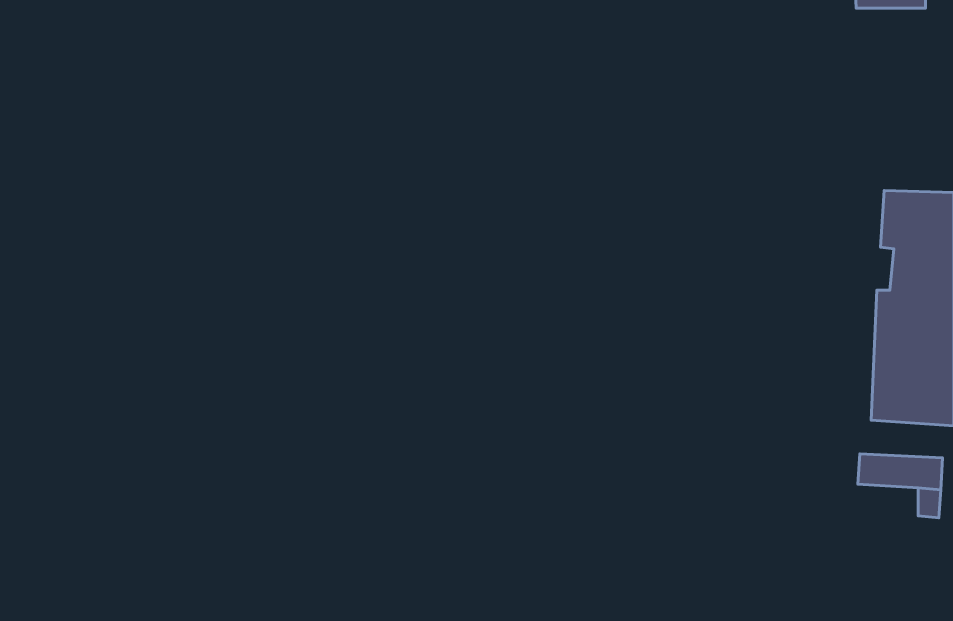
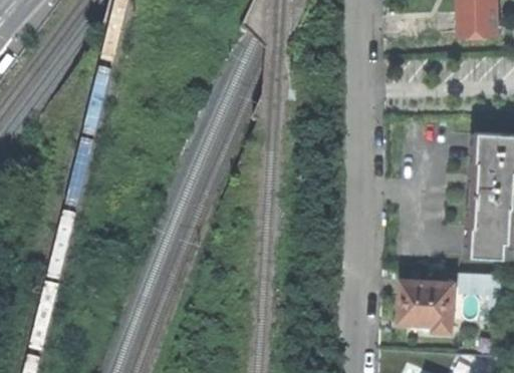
building: none -> [399,271,455,332]

